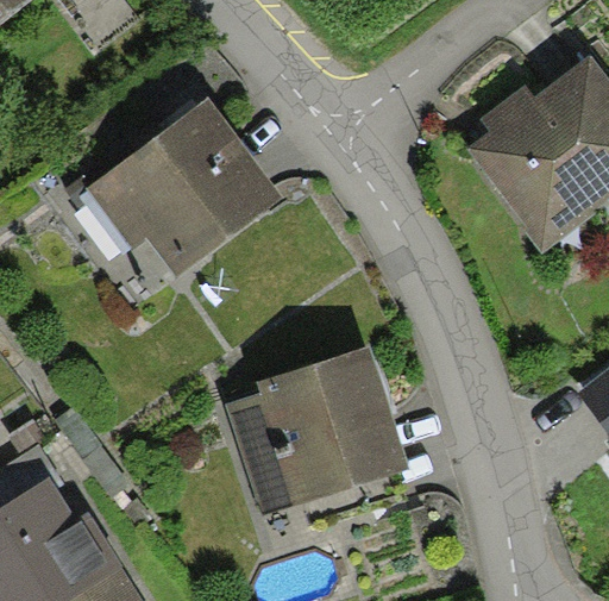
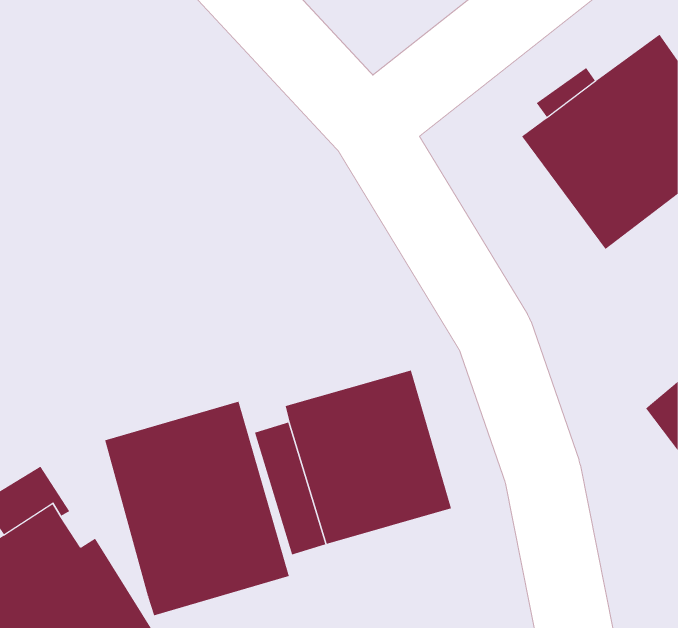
building: [90,104,282,289] -> none
building: none -> [104,401,289,616]

